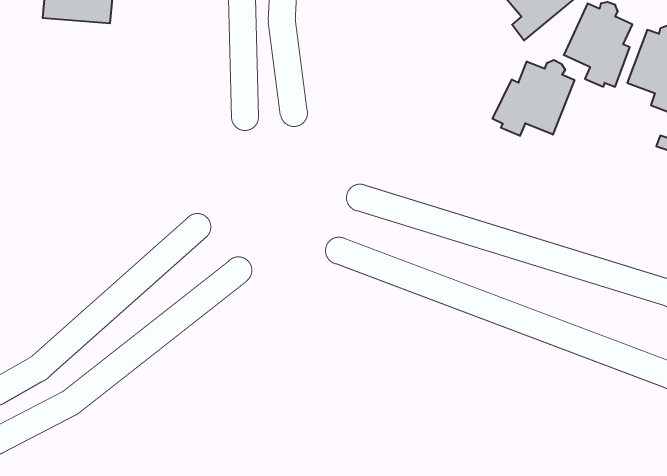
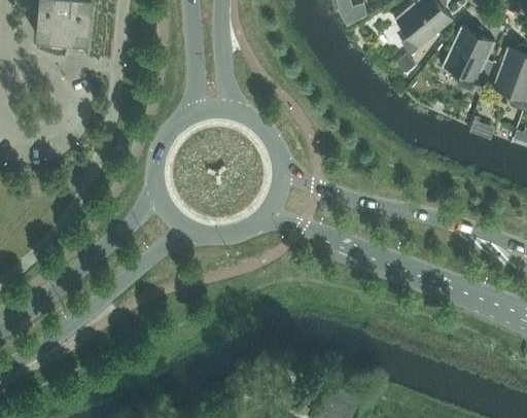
building: [493,60,574,136] -> none

